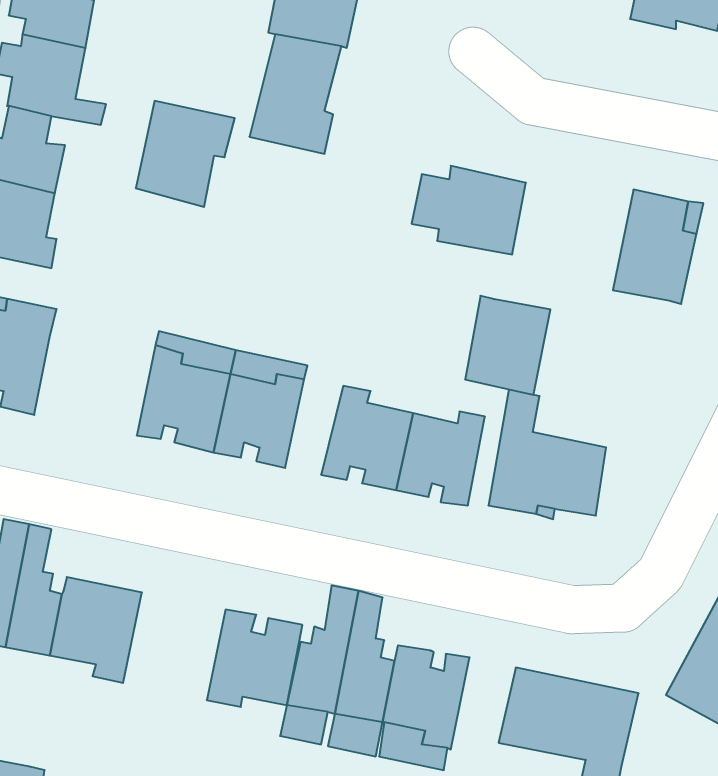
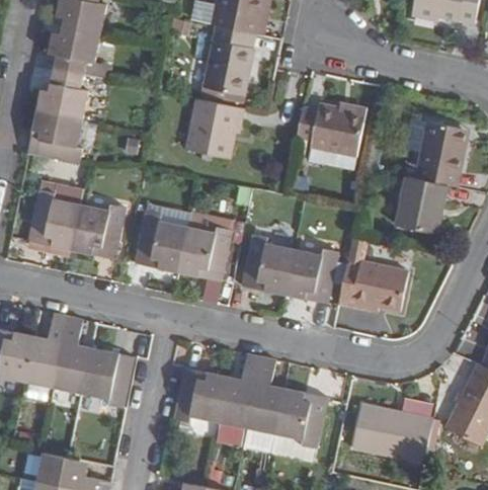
building: [136,101,235,207] -> [184,97,243,160]
building: [465,296,550,395] -> [397,175,448,234]
building: none -> [71,202,126,259]

